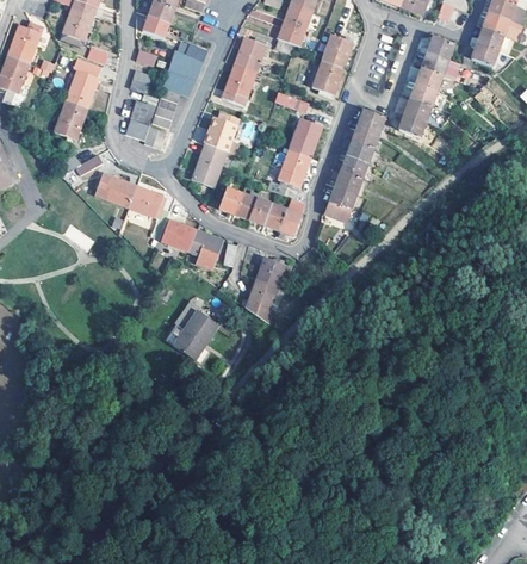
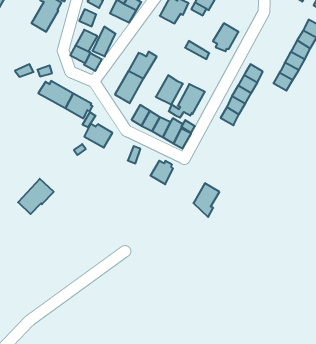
building: [322,33,354,68] -> none
building: [225,63,256,104] -> none
building: [162,70,196,95] -> none
building: [55,100,87,138] -> none
building: [289,117,322,155] -> [156,75,183,105]
building: [327,186,356,217] -> none
building: [188,229,223,268] -> none
building: [246,278,278,322] -> [193,183,219,217]
building: [172,308,217,357] -> [18,179,54,214]

